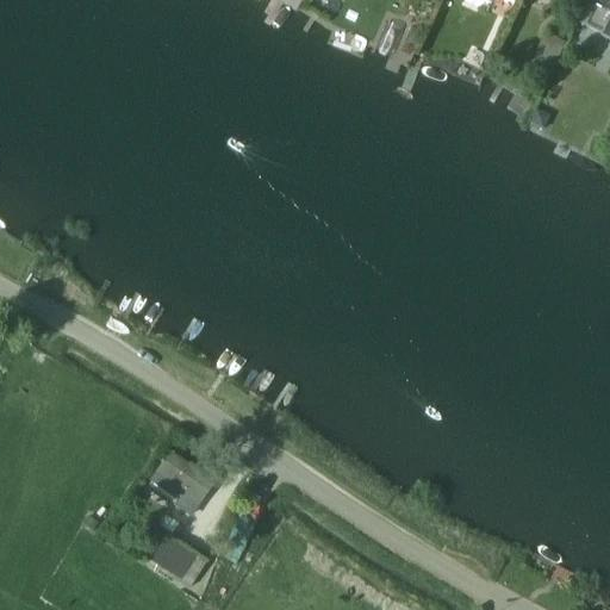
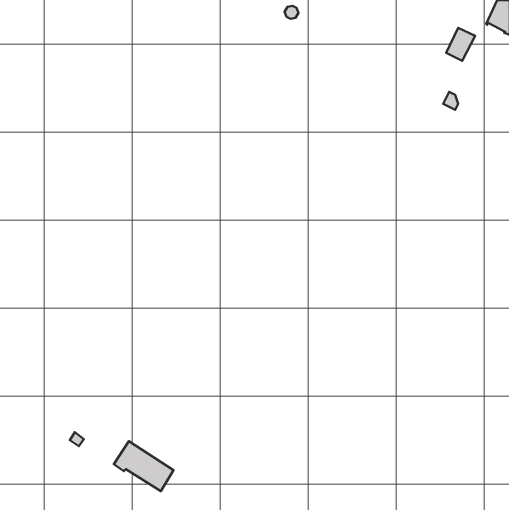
building: [151,450,214,513] -> none

